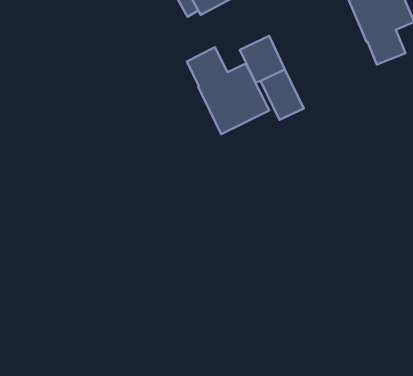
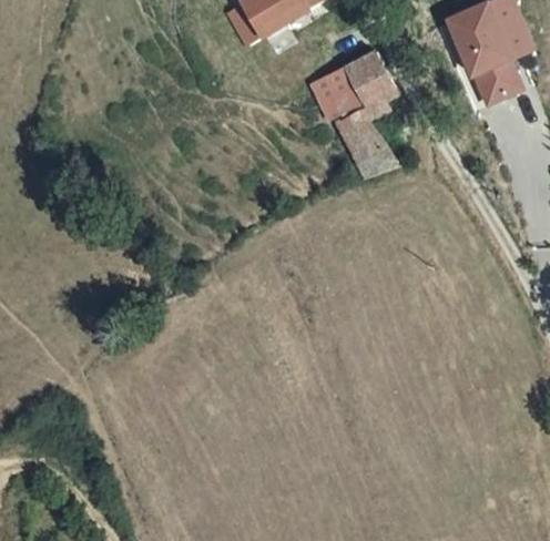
building: none -> [347,51,397,109]
building: [187,47,269,134] -> none

